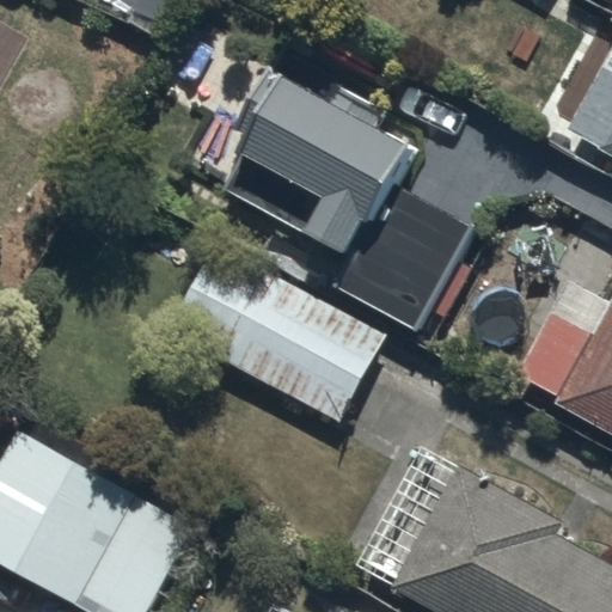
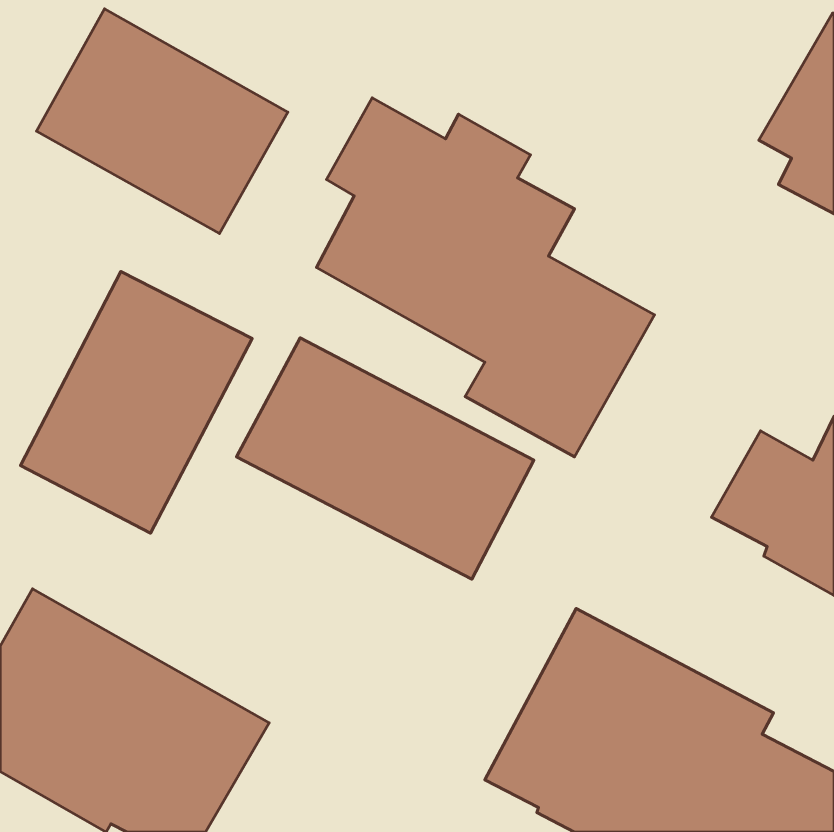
building: none -> [37,9,288,233]
building: none -> [21,271,252,533]

